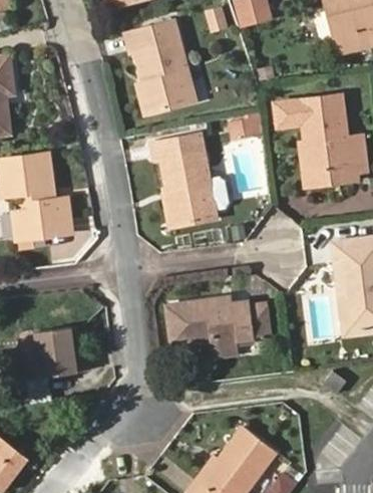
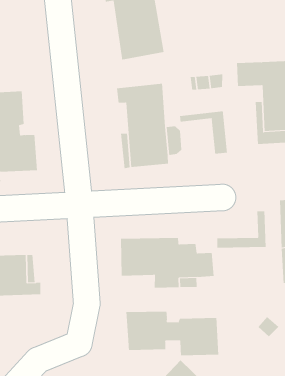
building: none -> [179,111,227,154]
building: none -> [217,210,266,248]
building: none -> [126,311,219,356]

